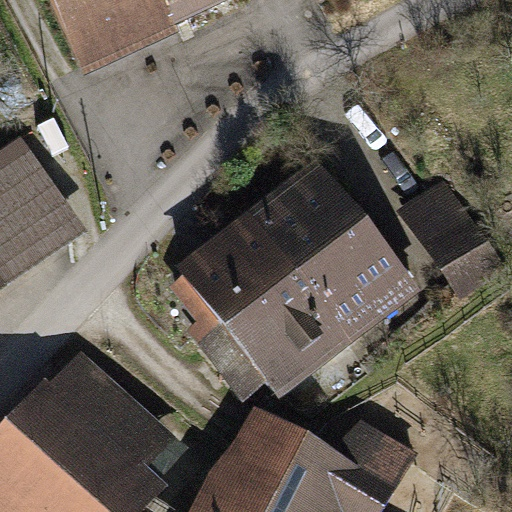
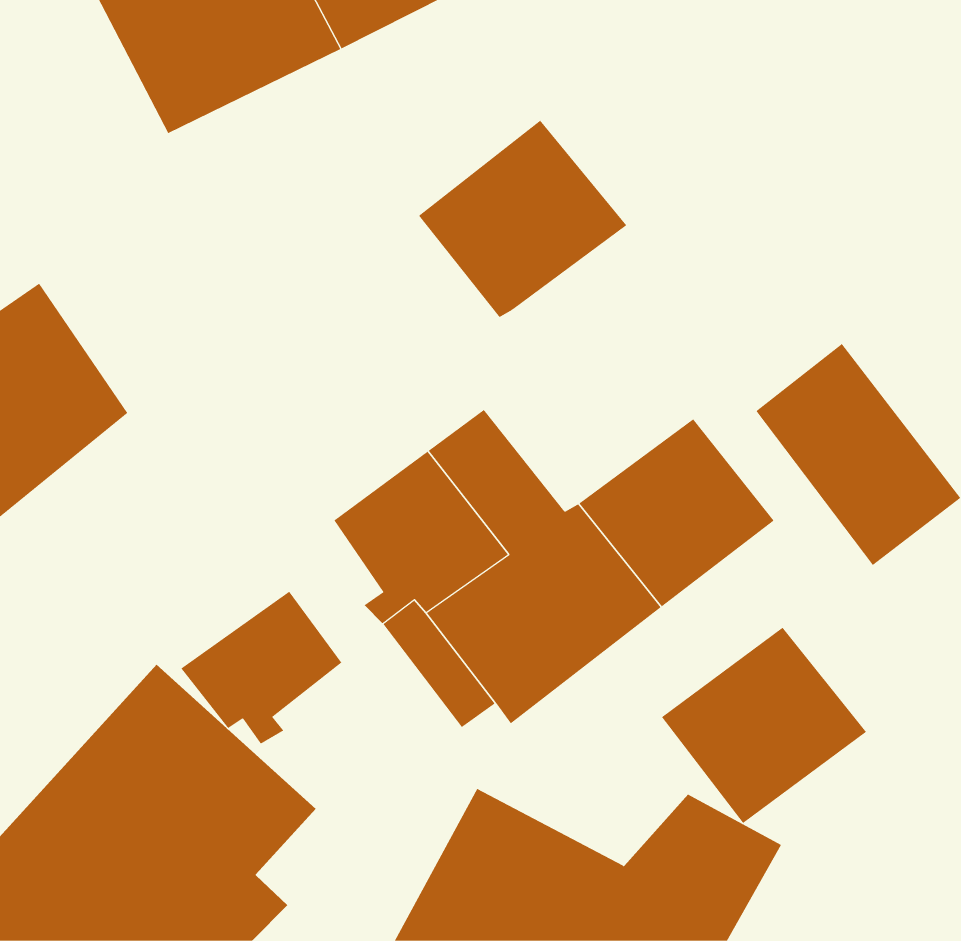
building: [257,166,368,271] -> [418,120,627,318]
building: none -> [180,591,342,744]
building: none -> [661,627,867,824]

